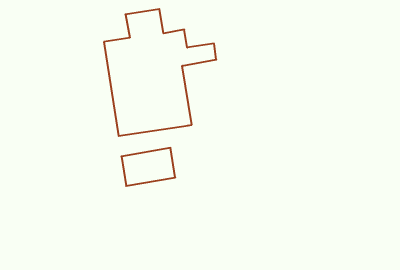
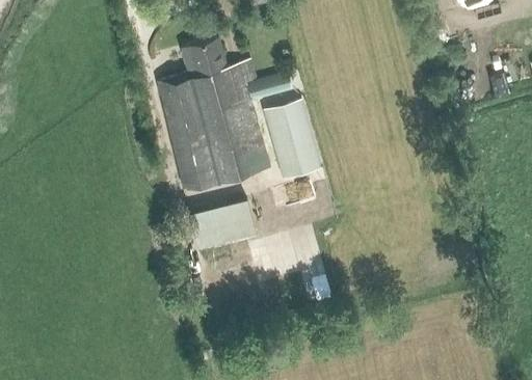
building: none -> [264,101,323,180]

